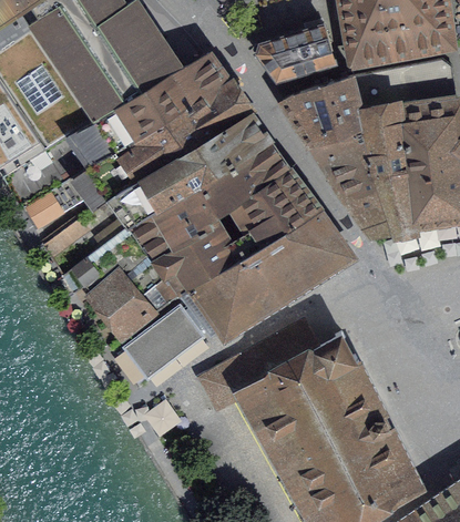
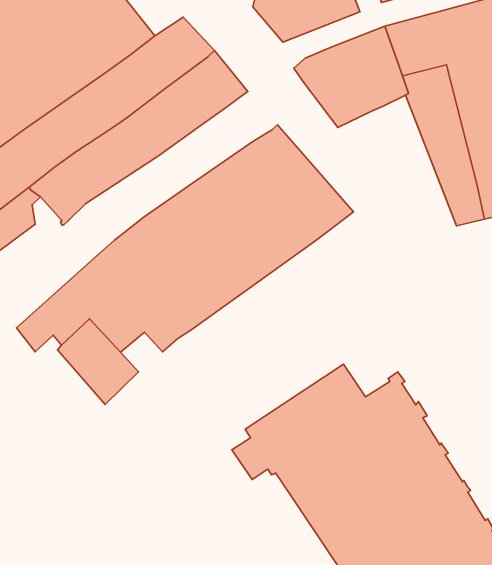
building: [110,117,269,229] -> none
building: [314,130,396,233] -> none
building: [130,213,354,378] -> none

